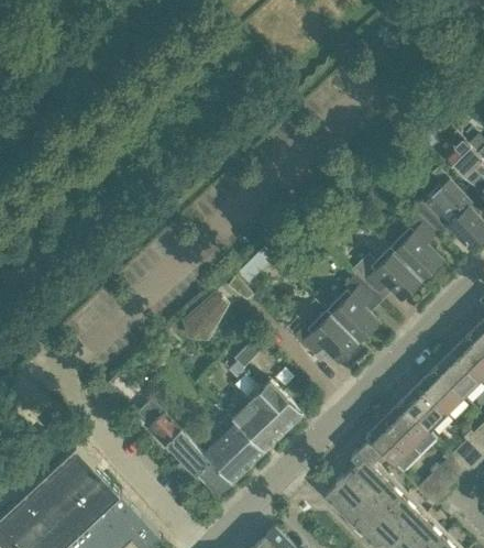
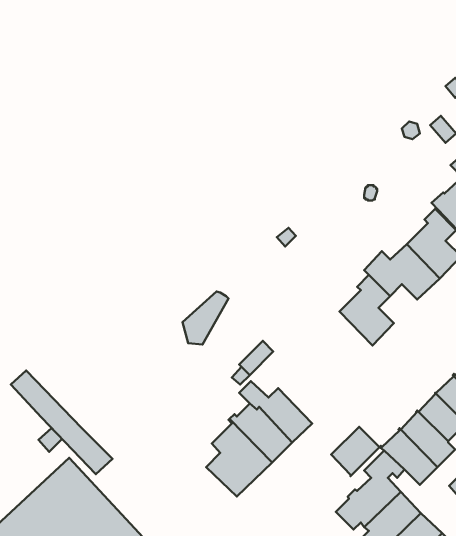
building: [295,310,359,362] -> none
building: [138,402,232,498] -> [11,370,112,474]
building: none -> [331,427,380,476]

